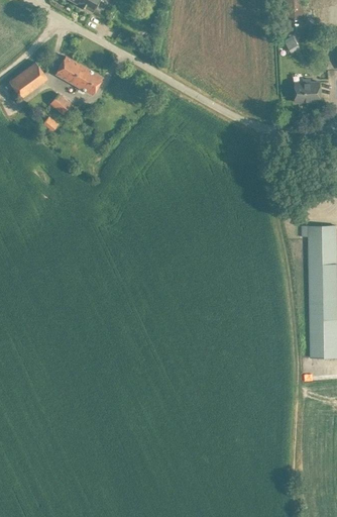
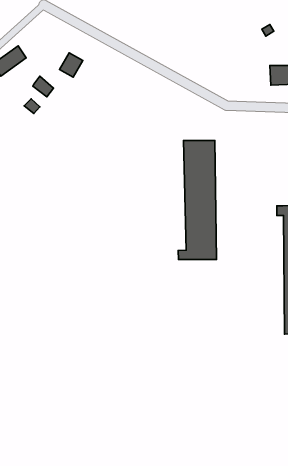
building: [55,57,88,87] -> none
building: none -> [178,140,217,260]

